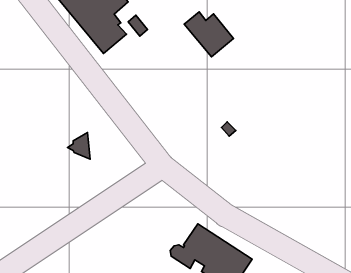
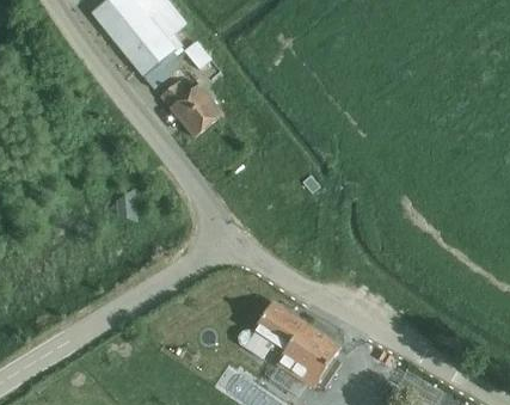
building: [184,12,234,57] -> [160,80,222,136]

